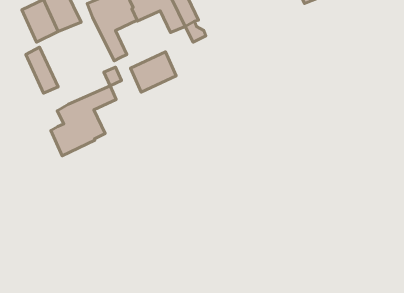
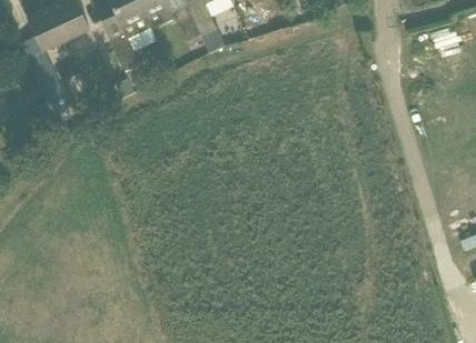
building: [130,52,176,92] -> none
building: [51,86,116,156] -> none

